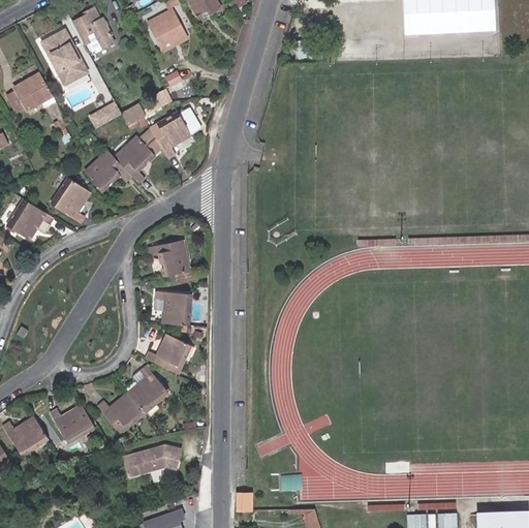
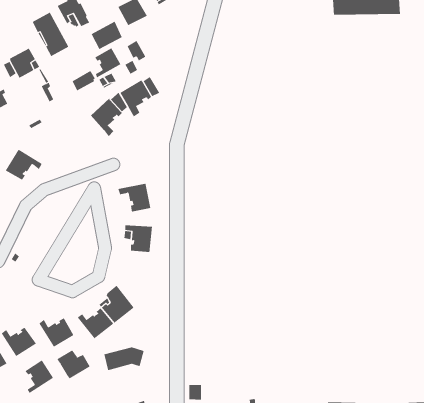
building: none -> [91,21,123,50]
building: none -> [94,48,121,78]
building: [84,150,129,189] -> none
building: [51,177,88,222] -> none
building: [145,336,189,375] -> none
building: none -> [57,350,90,379]
building: none -> [25,360,54,394]

